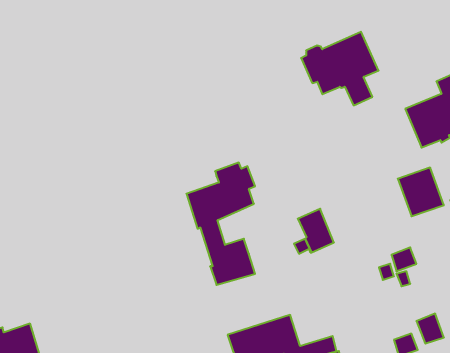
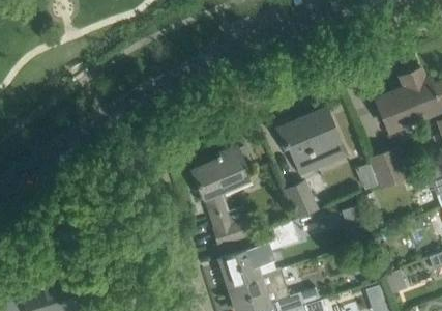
building: [301,32,379,105] -> [275,108,340,169]
building: none -> [219,221,296,287]

